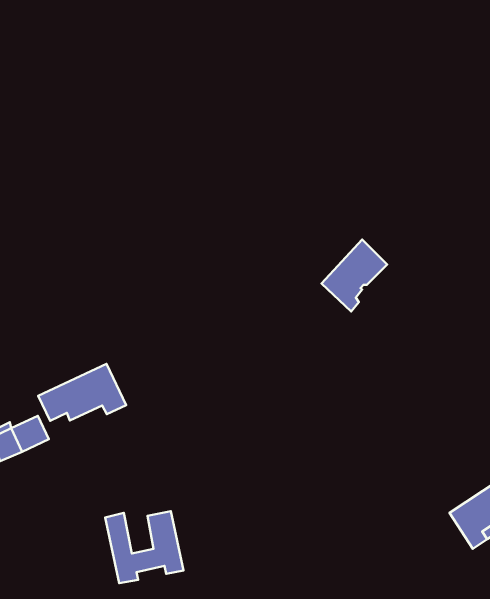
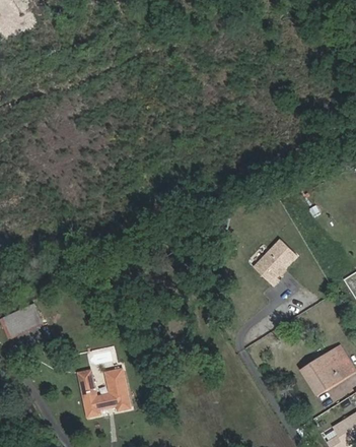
building: [321,240,387,311] -> [254,240,296,286]
building: [38,364,126,421] -> none

